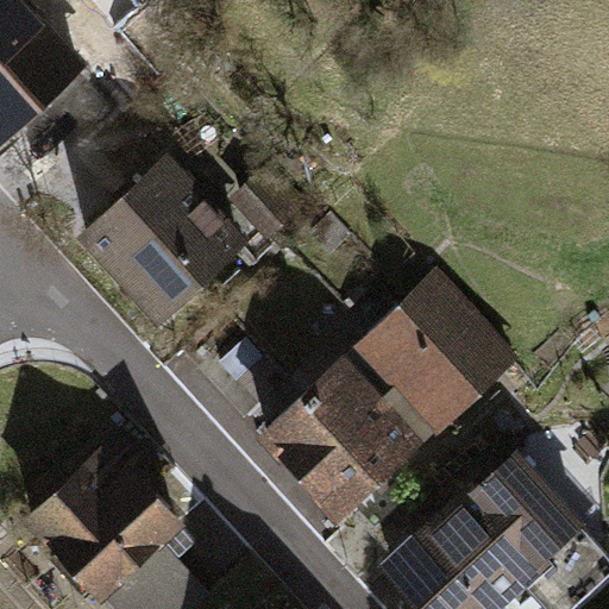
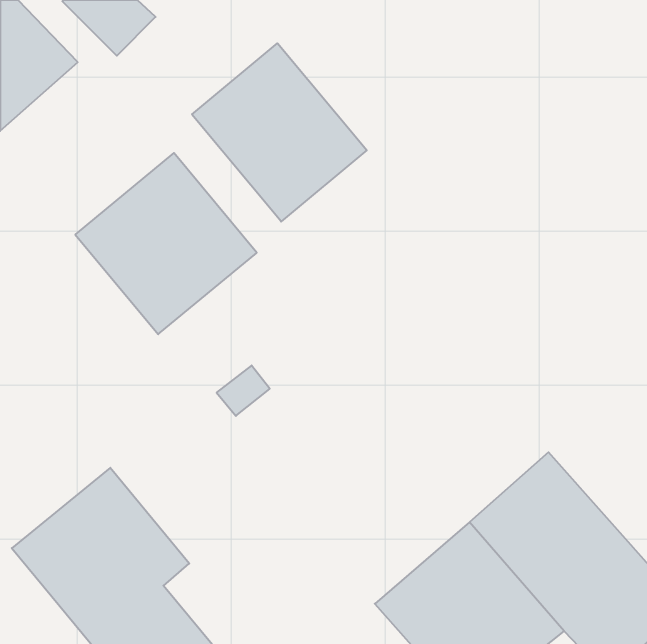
building: none -> [192,43,367,222]
building: [263,278,519,517] -> none

